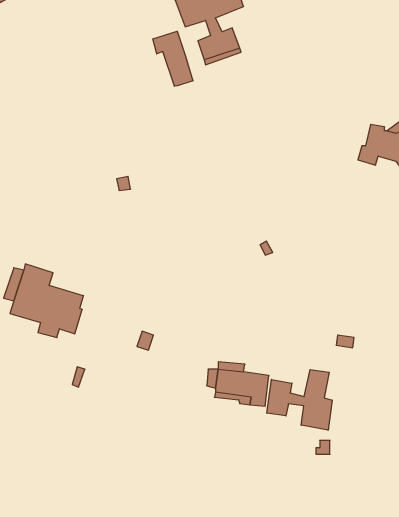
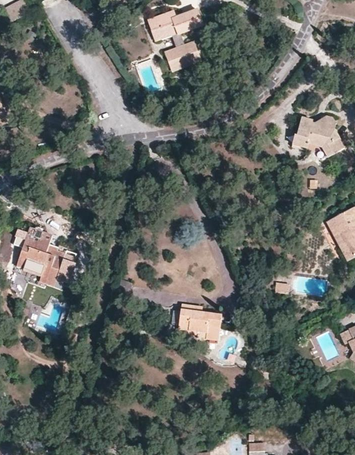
building: [153,31,193,86] -> none
building: [267,370,332,430] -> none

